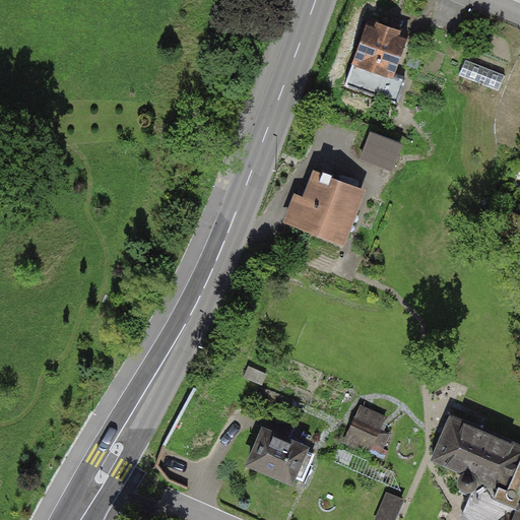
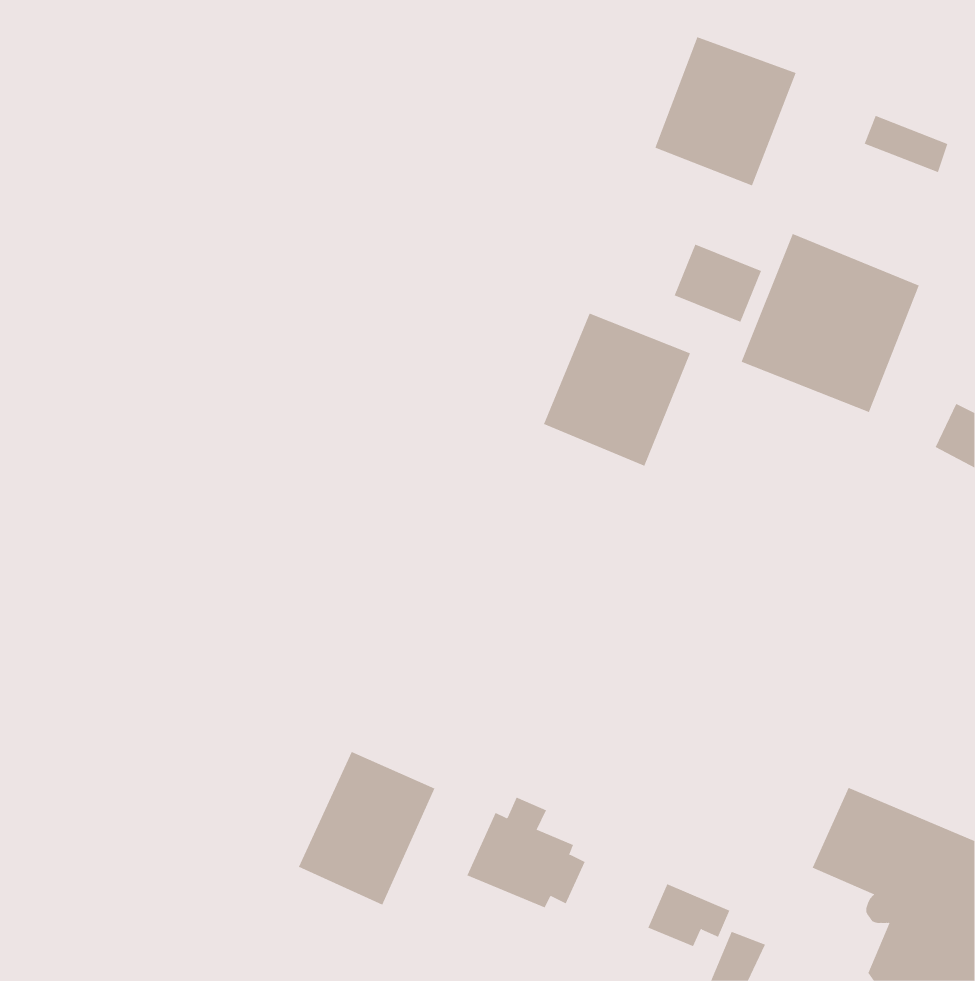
building: none -> [741,233,919,413]
building: none -> [298,751,435,906]
building: [342,419,386,453] -> [648,884,730,947]

